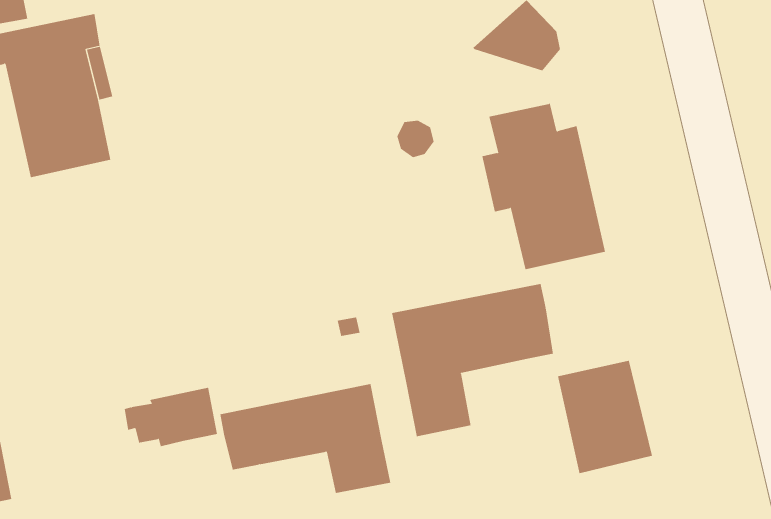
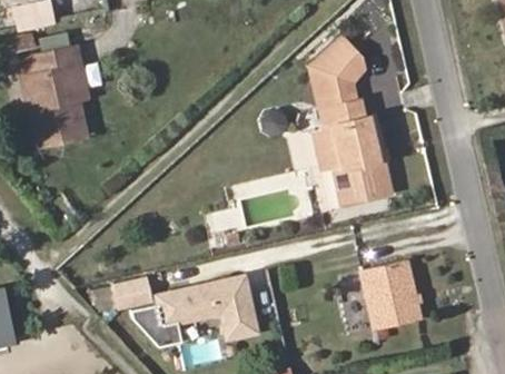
building: none -> [310,68,356,109]
building: [391,283,554,437] -> none
building: none -> [131,305,181,347]

